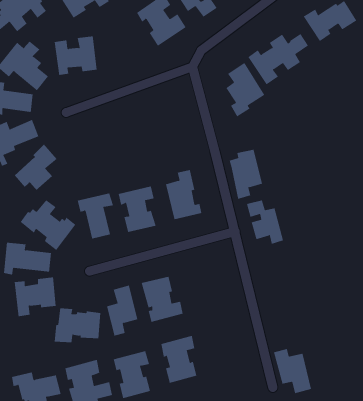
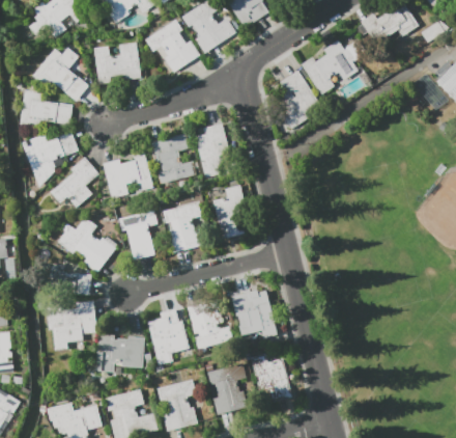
building: none -> [145,19,199,72]
building: none -> [148,132,193,183]
building: none -> [102,152,152,198]
building: [229,149,263,199] -> [195,124,231,177]
building: [246,200,284,245] -> [236,291,277,338]
building: [273,348,312,394] -> [250,353,291,402]

